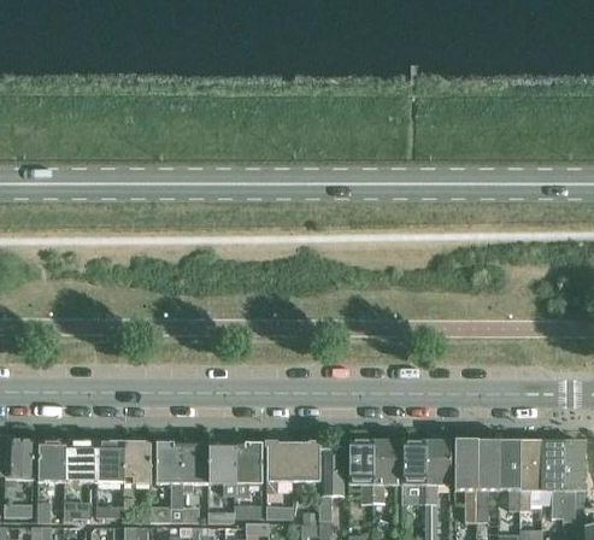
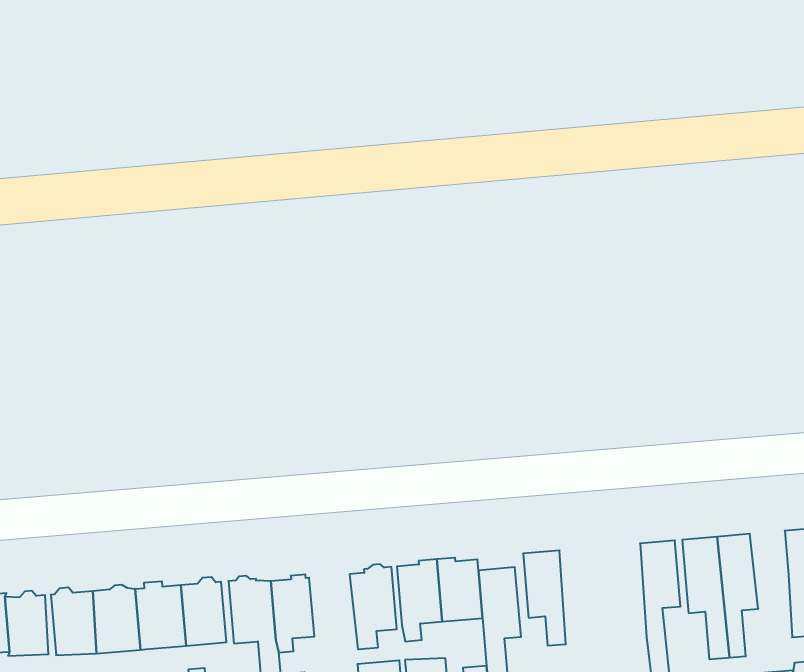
building: [372,441,396,503] -> none
building: [401,441,427,503] -> none
building: [499,441,522,524] -> none
building: [208,442,236,494] -> none

